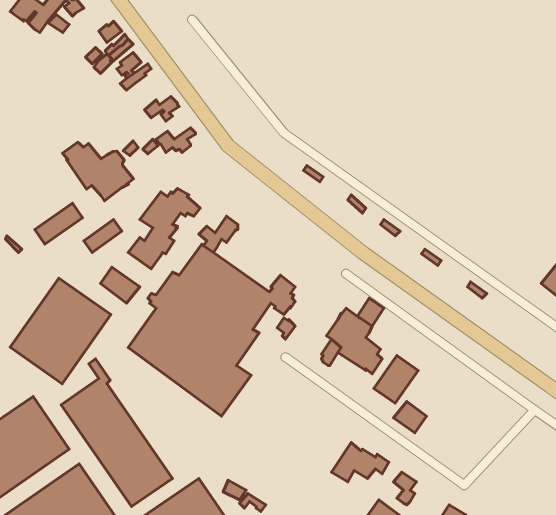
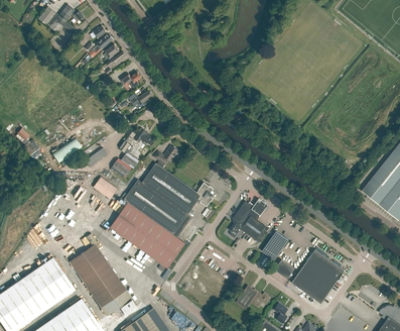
building: [63,142,133,201] -> none
building: [10,278,111,384] -> none
building: none -> [291,249,345,303]

